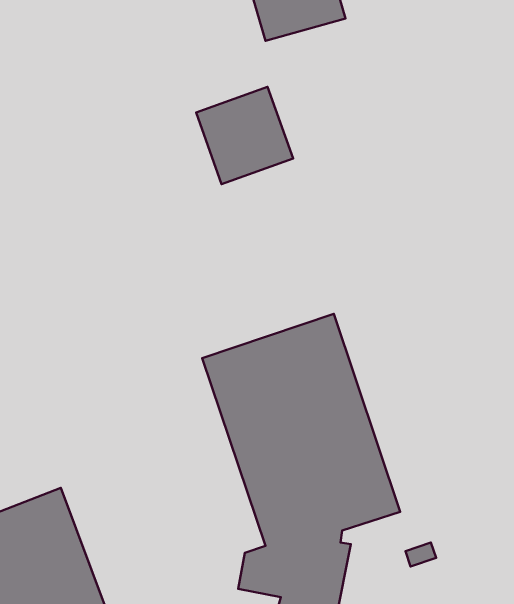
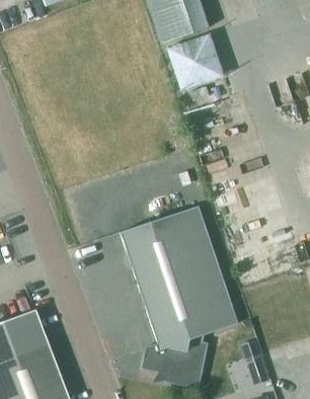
building: [196,87,293,184] -> [165,34,223,92]

